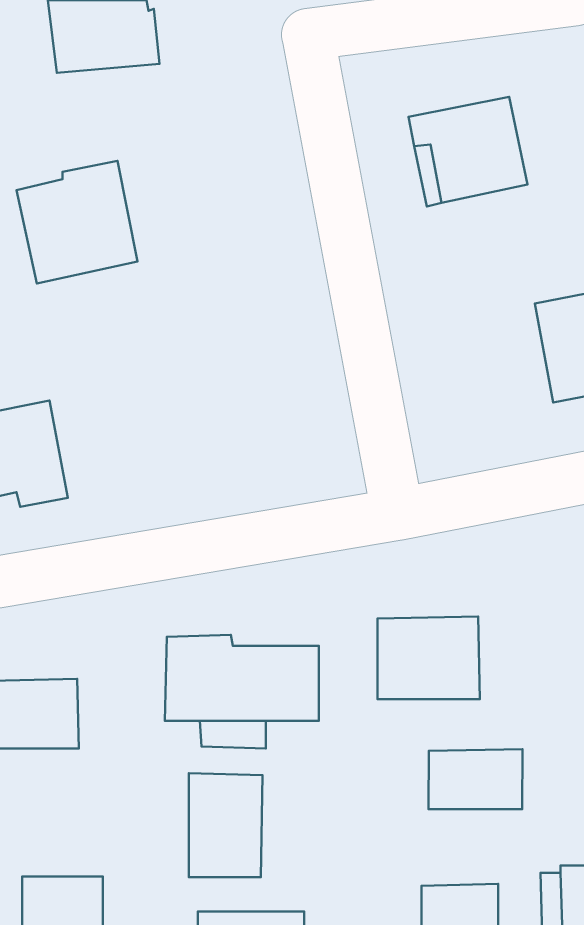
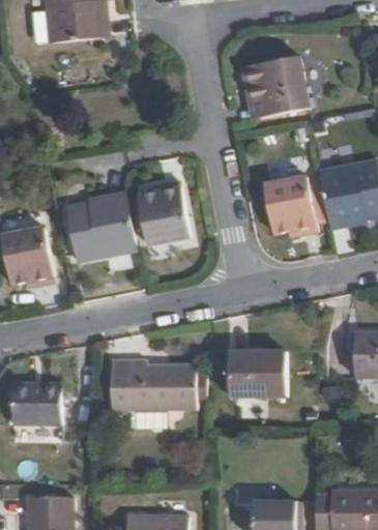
building: [17,161,138,283] -> [66,190,135,260]
building: none -> [263,177,315,235]
building: none -> [138,180,190,242]
building: [429,749,523,809] -> none
building: [189,773,263,877] -> none

